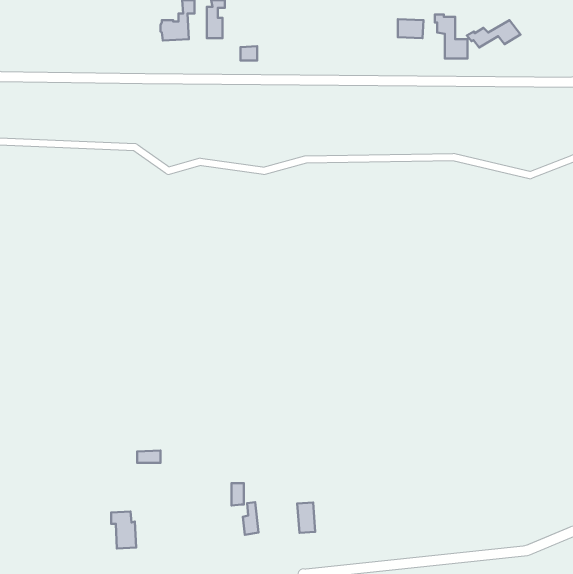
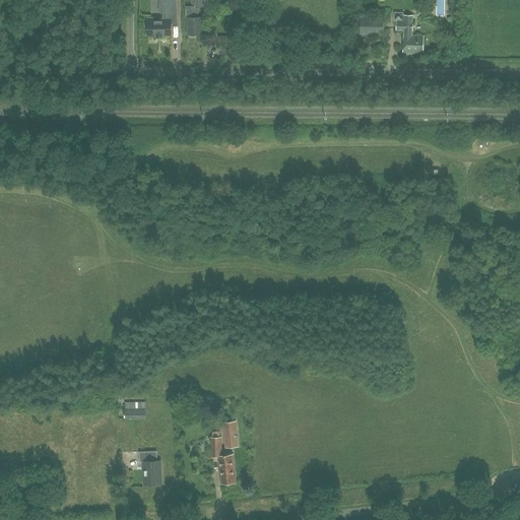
building: [467,20,521,47] -> none
building: [297,502,315,533] -> [221,420,238,448]
building: [111,511,136,548] -> [138,451,160,484]

